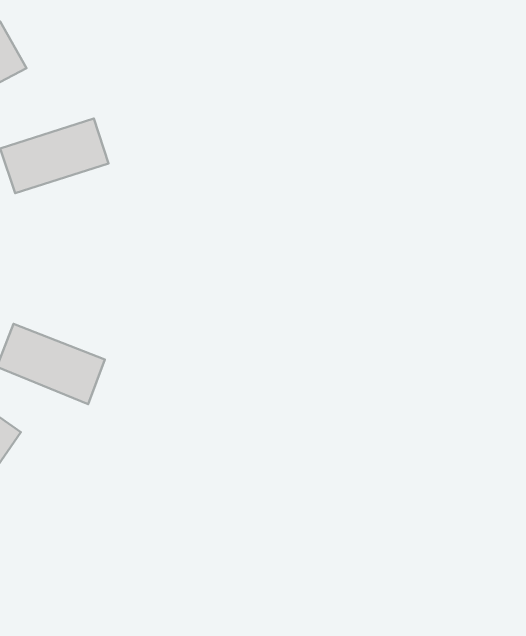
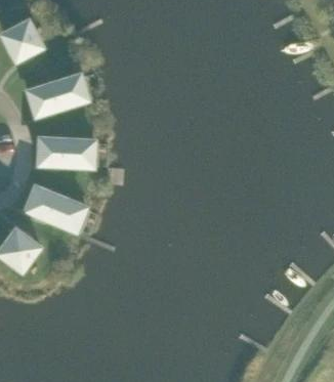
building: none -> [39,135,93,164]

